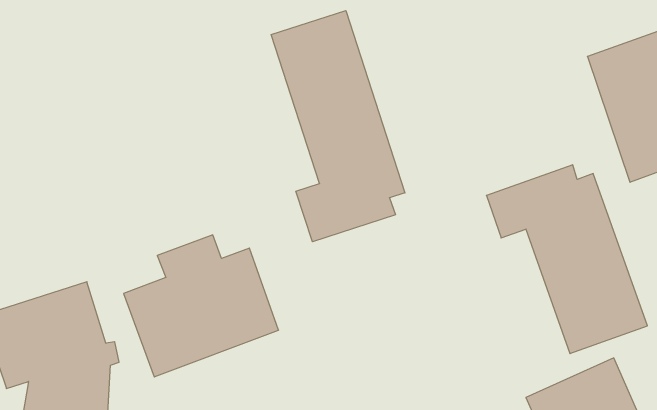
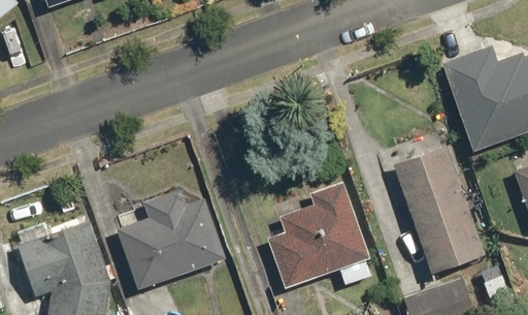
building: [271,11,405,242] -> none
building: none -> [268,182,370,288]

